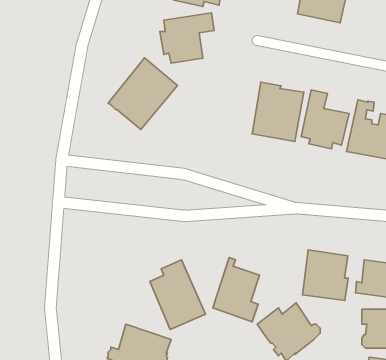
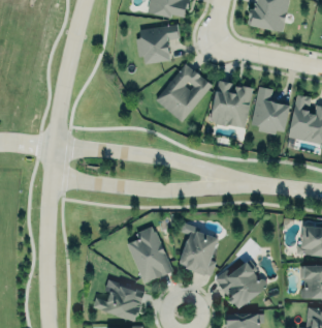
building: [108,58,177,130] -> [155,63,212,122]
building: [302,250,348,301] -> none

